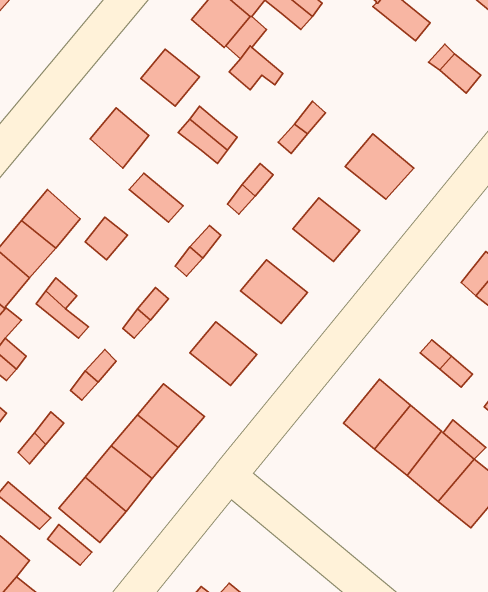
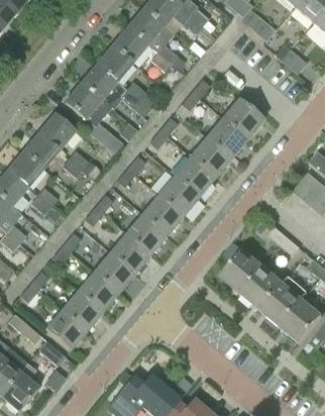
building: none -> [110,28,146,64]
building: none -> [80,65,116,100]
building: none -> [37,115,74,151]
building: none -> [205,119,246,159]
building: none -> [173,158,214,197]
building: none -> [141,196,182,235]
building: none -> [109,234,150,274]

